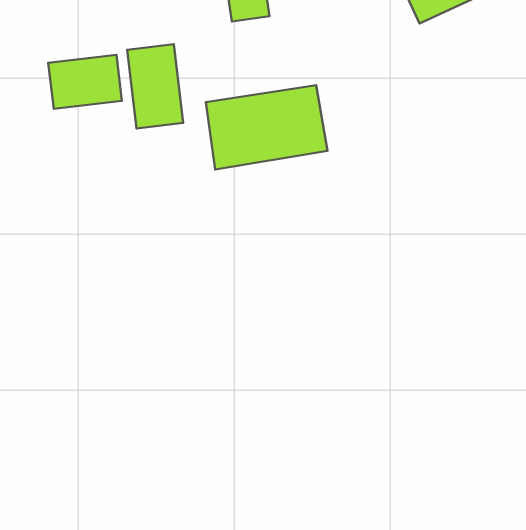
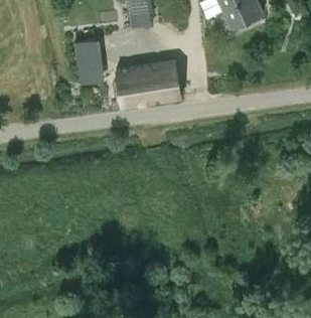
building: [48,55,122,109] -> none

